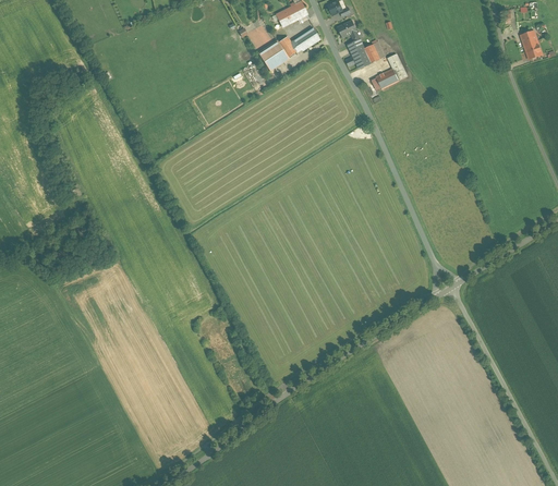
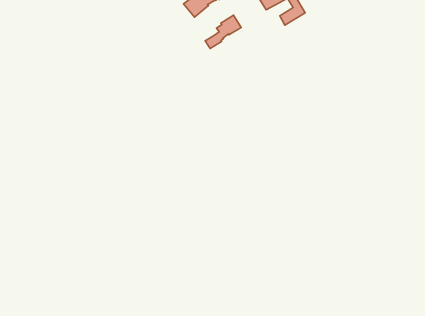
building: none -> [205,15,241,49]

